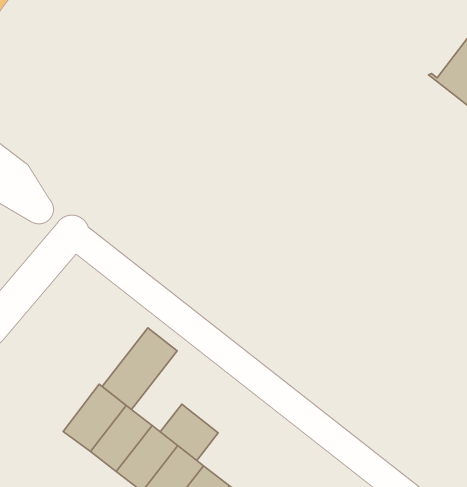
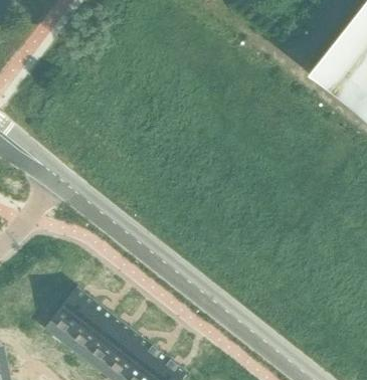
building: [102,328,177,410] -> none
building: [160,404,218,460] -> none

